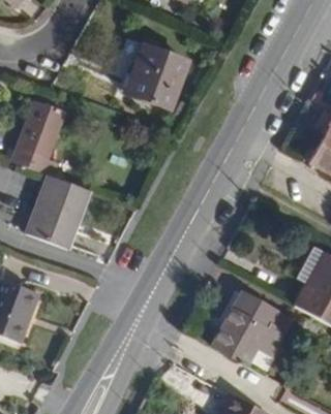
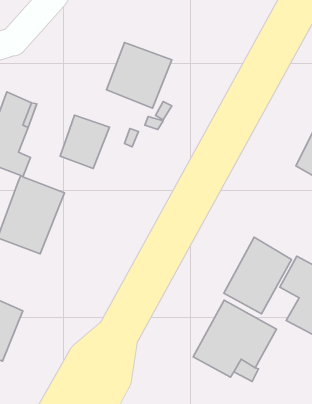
building: none -> [60,115,110,168]
building: none -> [224,237,291,314]

